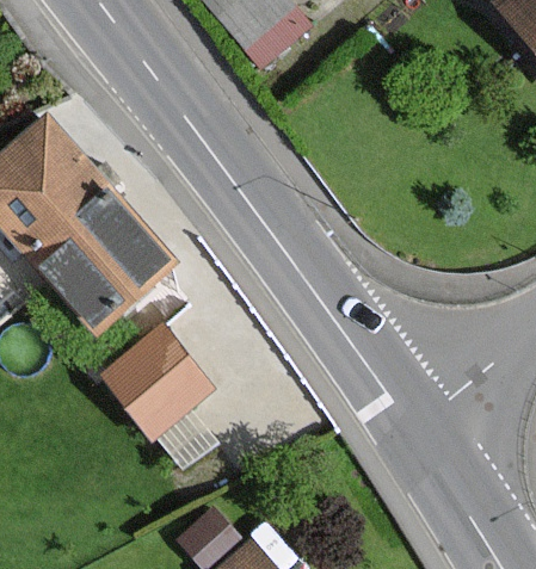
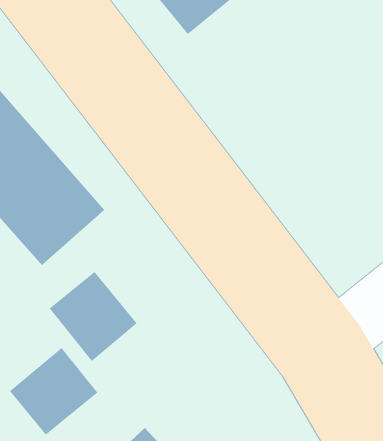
building: none -> [9,347,98,436]

